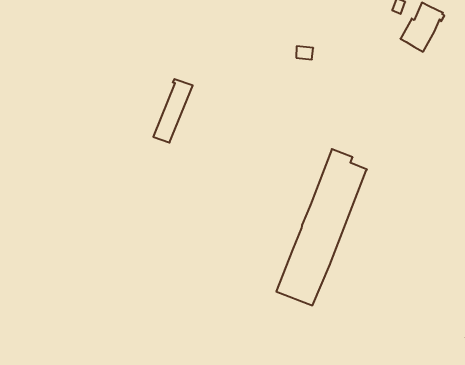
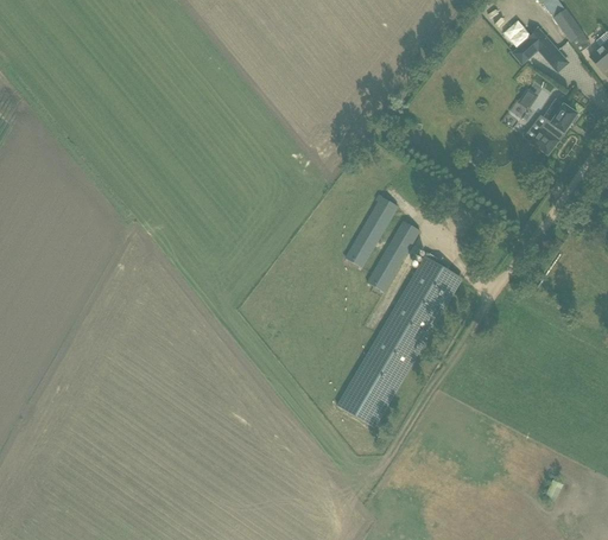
building: [153,79,193,143] -> [344,195,399,267]
building: none -> [367,221,420,292]

